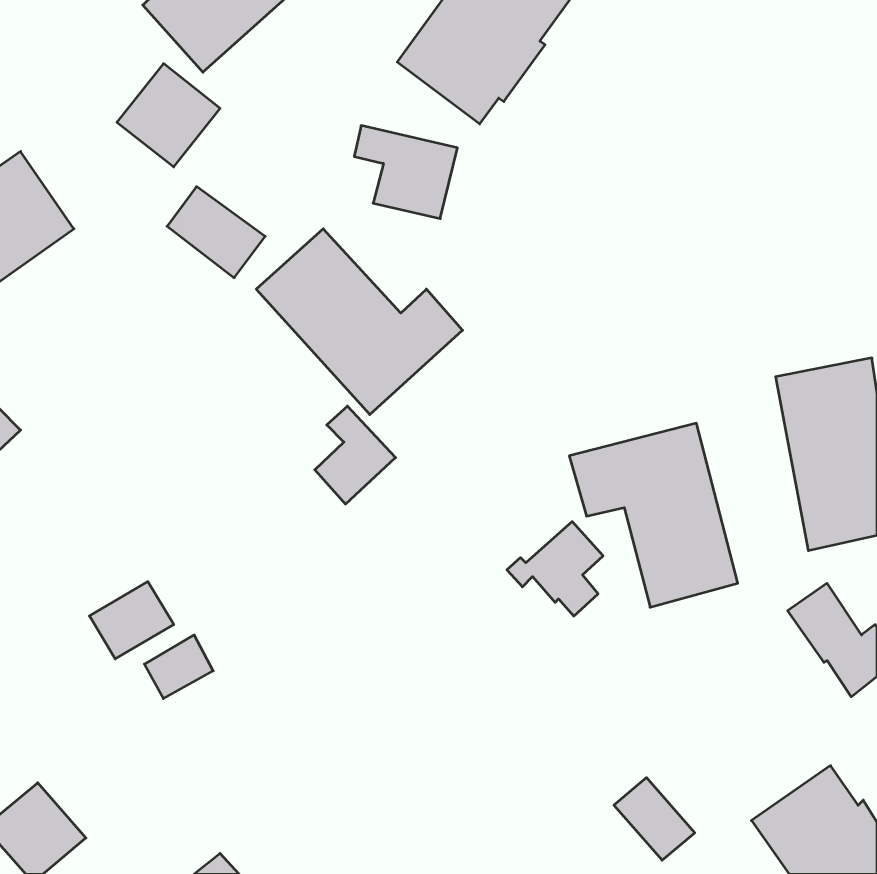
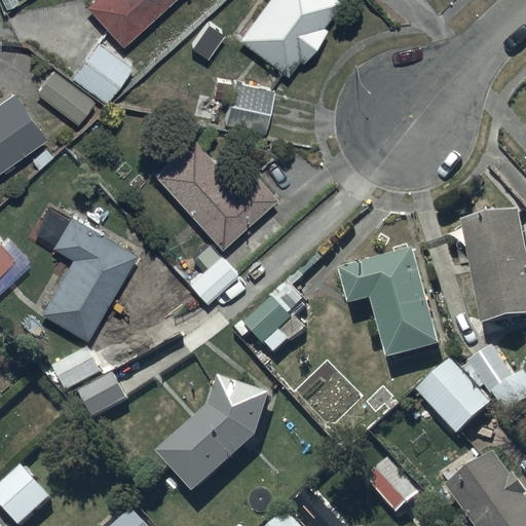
building: [167,187,265,278] -> [36,68,95,122]
building: none -> [40,214,136,337]
building: [507,522,603,616] -> [235,299,293,355]
building: none -> [417,361,493,437]
building: none -> [158,378,273,496]

